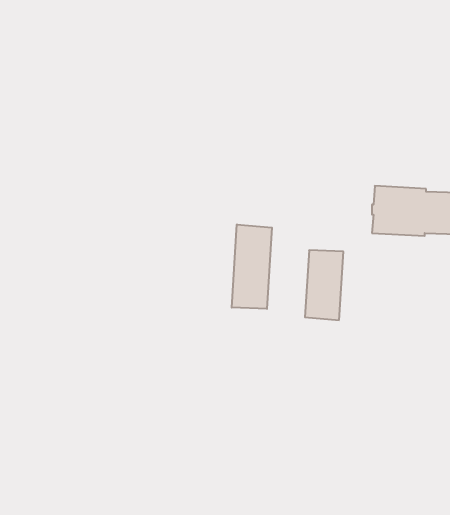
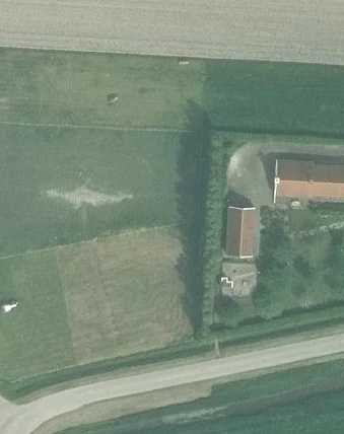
building: [232,224,272,309] -> none

